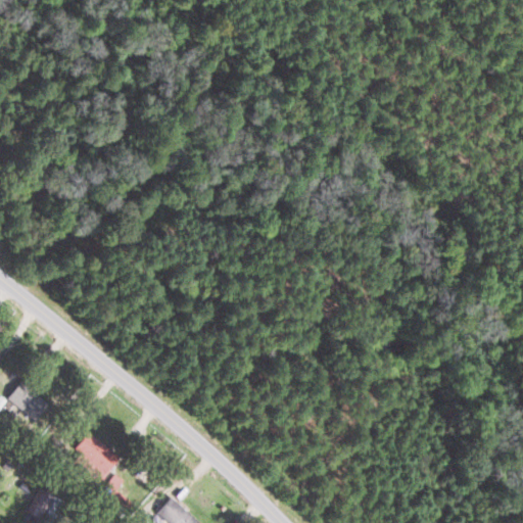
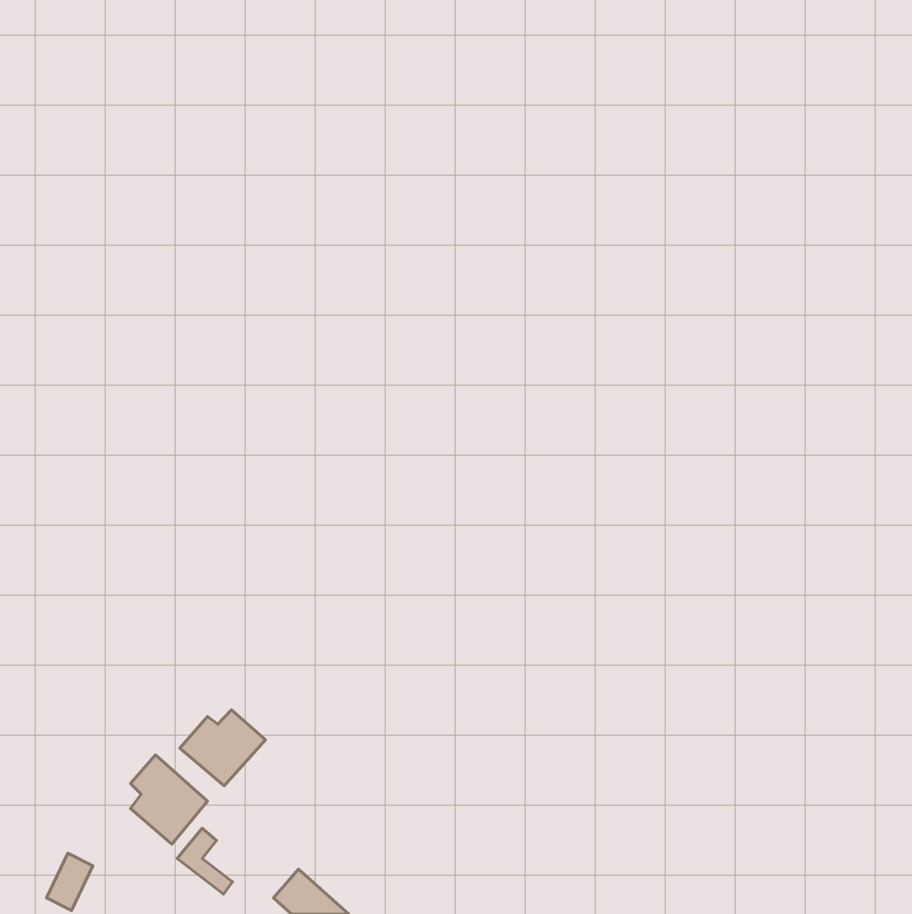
building: [7,383,48,420] -> none
building: none -> [180,710,266,786]

